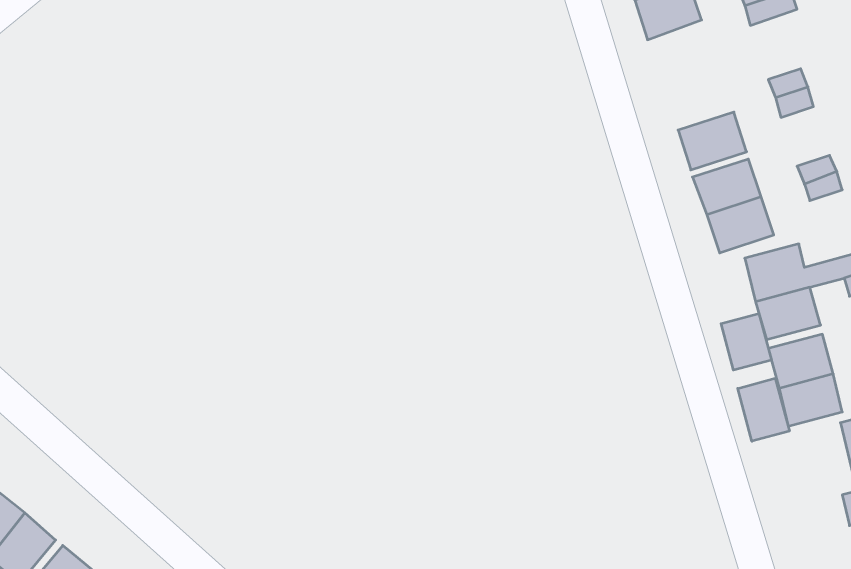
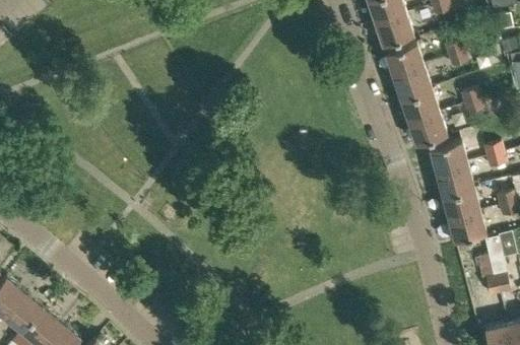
building: none -> [375,13,412,45]
building: none -> [384,43,424,75]
building: [721,314,771,370] -> none
building: [738,378,789,441] -> none

